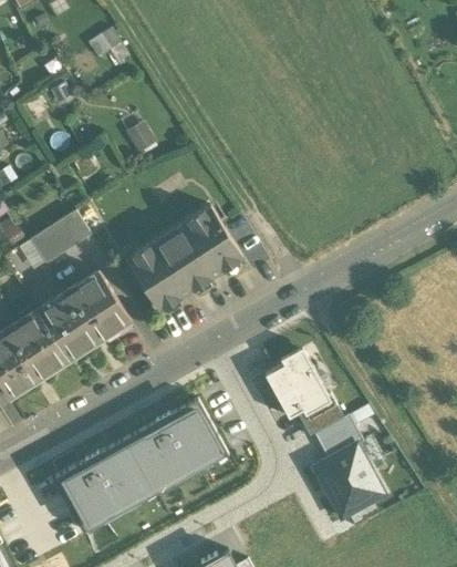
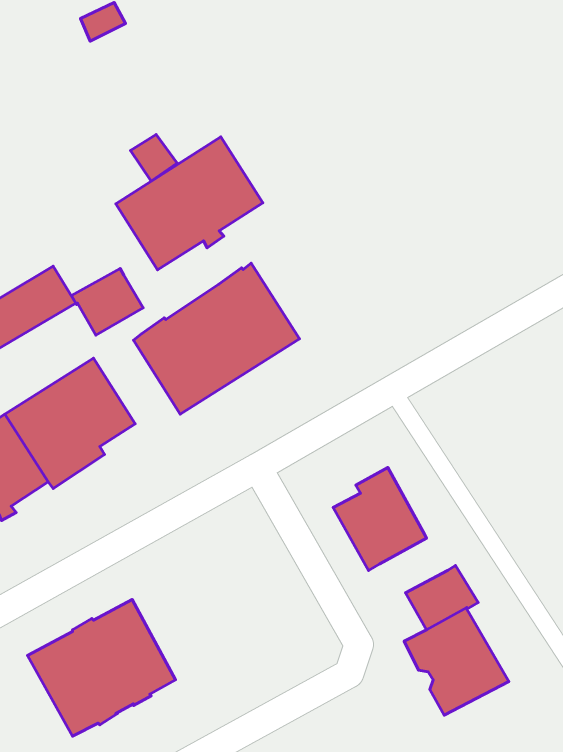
building: none -> [116,137,263,270]
building: none -> [71,269,143,335]
building: [297,392,343,436] -> none
building: [126,398,228,493] -> none

